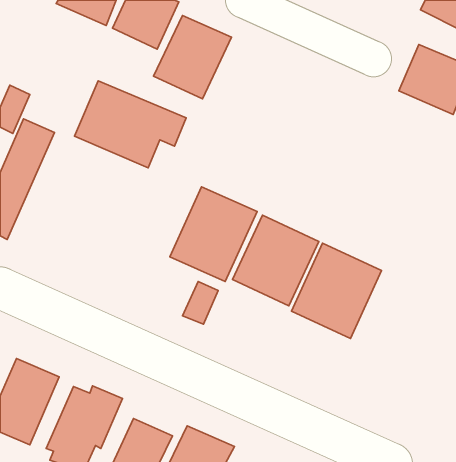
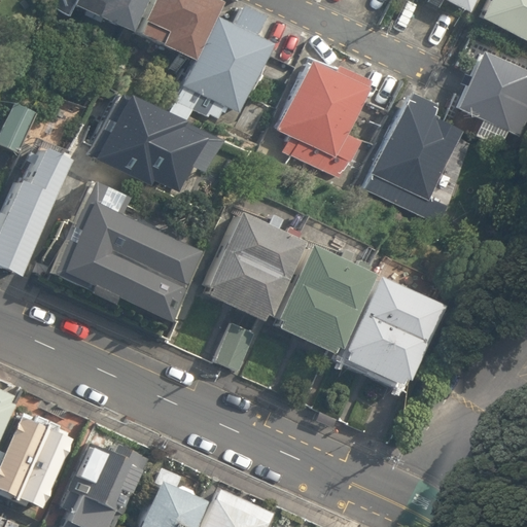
building: none -> [272,56,368,173]
building: none -> [366,95,466,221]
building: none -> [57,202,202,326]

